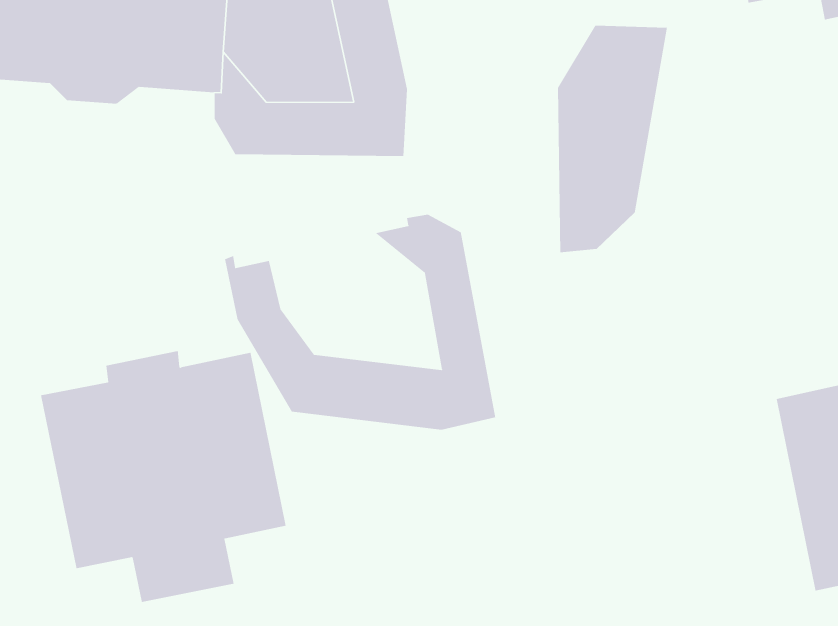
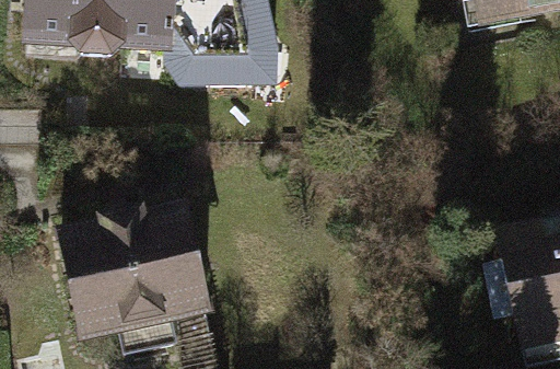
building: [557,25,668,253] -> none
building: [225,214,496,431] -> none

